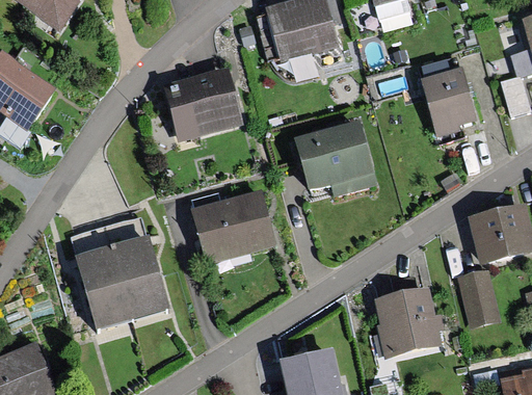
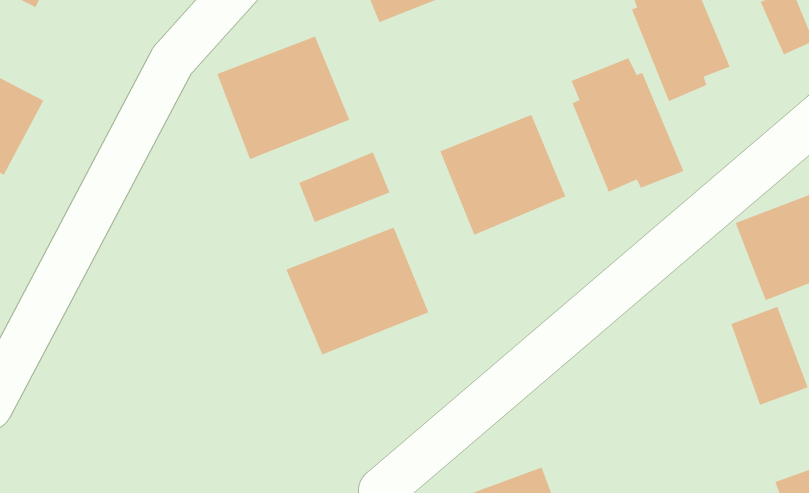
building: none -> [571,57,684,193]
building: none -> [299,151,390,223]
building: [72,218,170,327] -> none
building: [374,285,442,357] -> none

